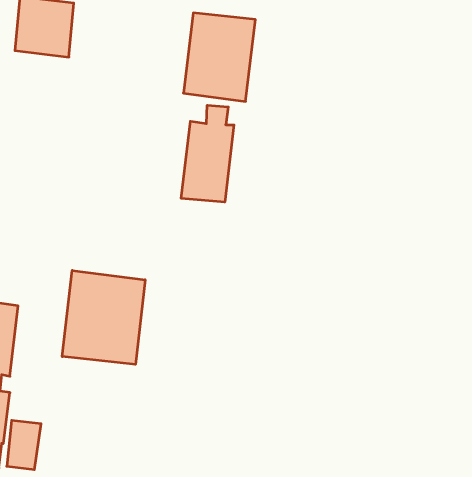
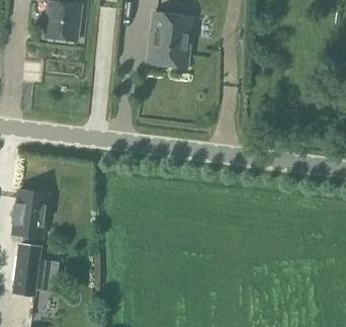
building: [181,105,234,202] -> none
building: [62,270,145,364] -> none

